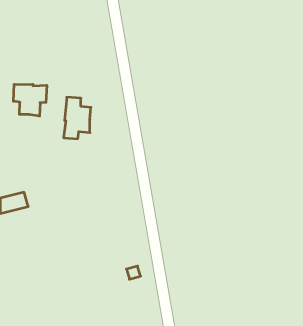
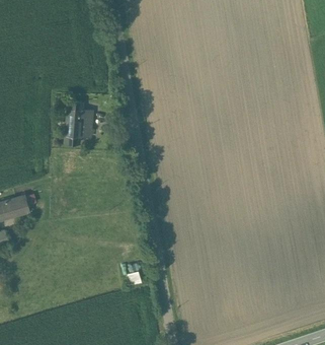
building: [13,84,47,116] -> none

